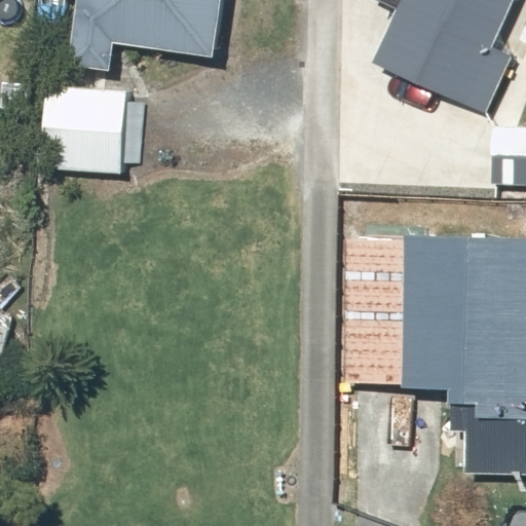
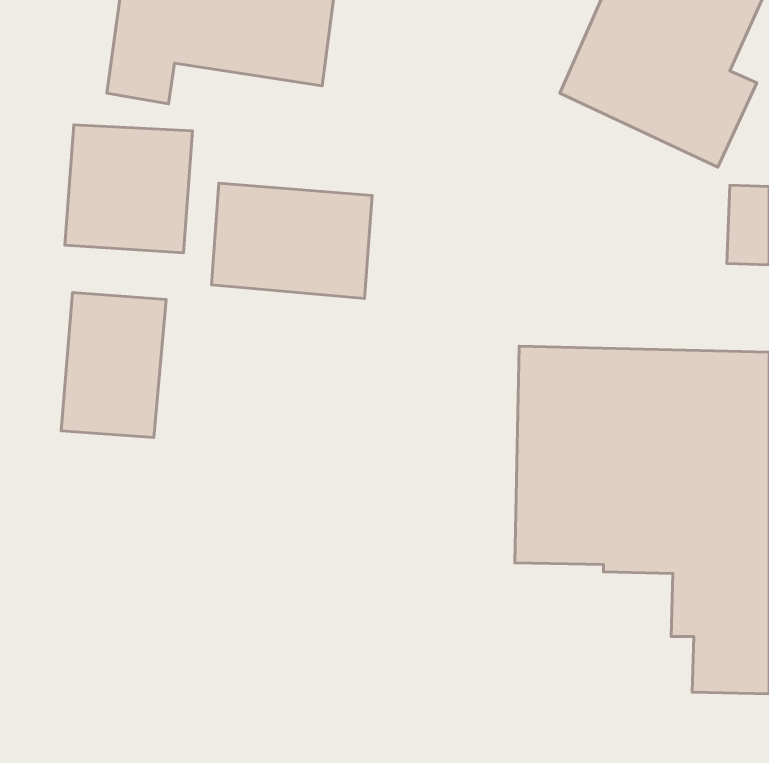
building: none -> [211,183,372,299]
building: none -> [61,293,166,437]

